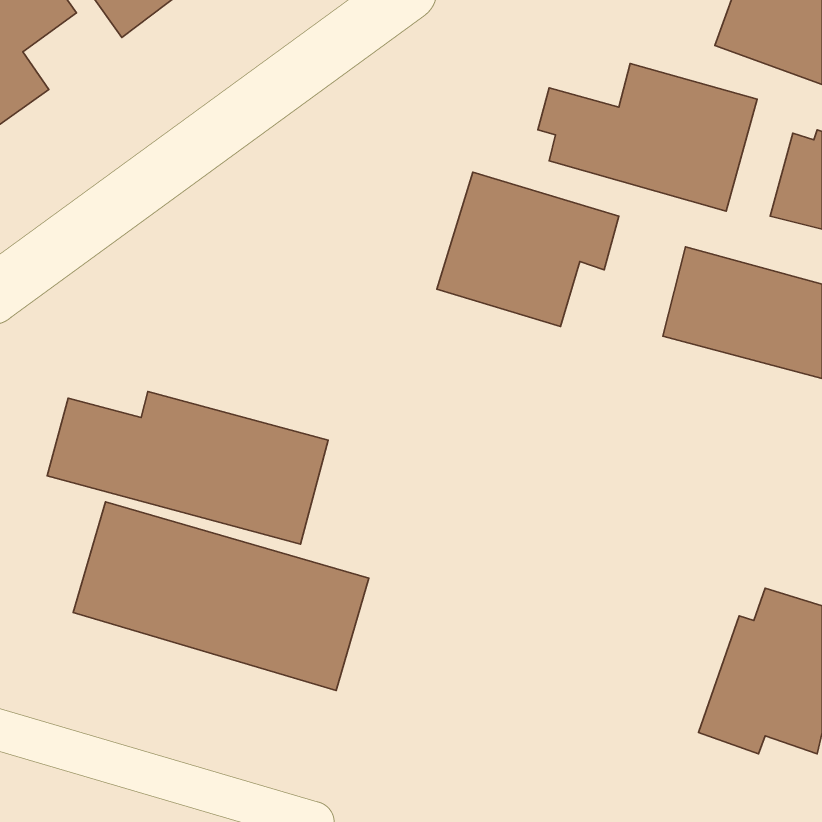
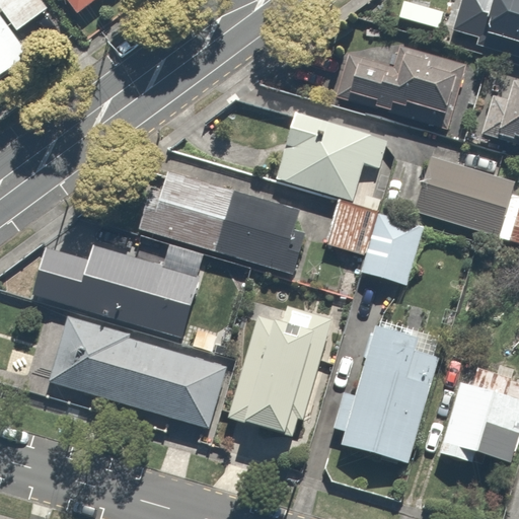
building: none -> [135,170,302,273]
building: none -> [324,203,426,285]
building: none -> [229,311,325,457]
building: none -> [335,320,445,463]

